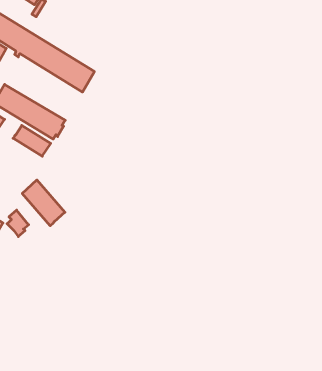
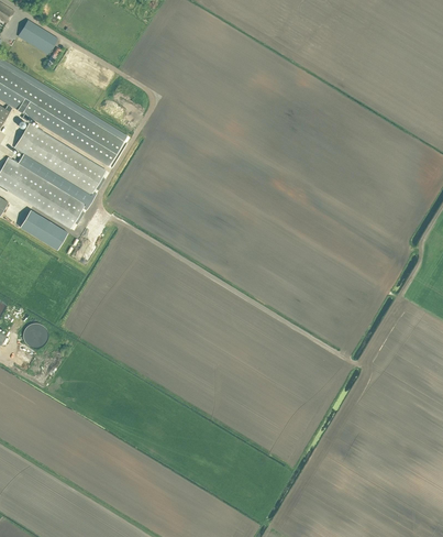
building: none -> [15,122,107,193]
building: [22,180,65,226] -> none

